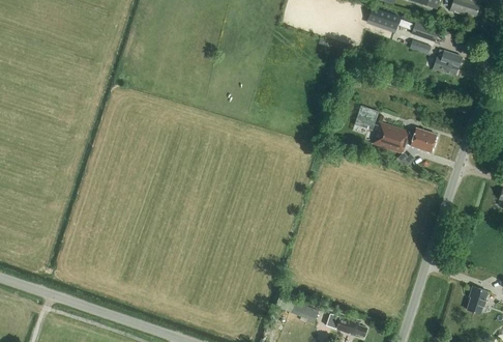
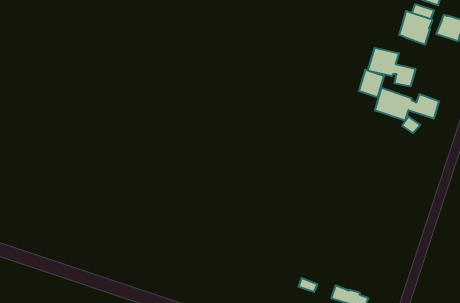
building: none -> [399,11,432,45]
building: none -> [368,48,415,86]

